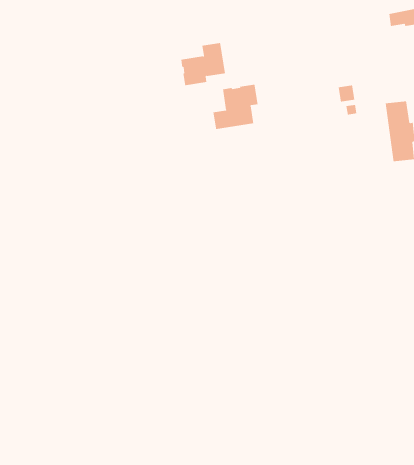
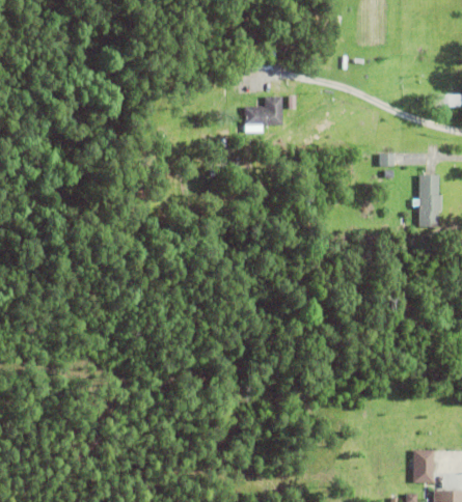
building: [213,84,258,130] -> none

